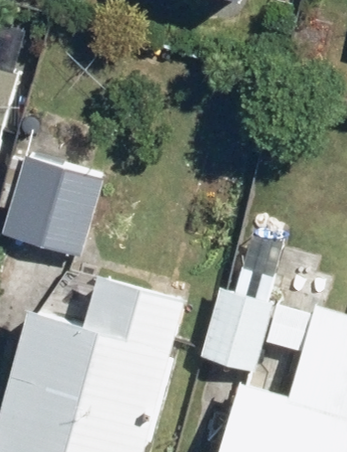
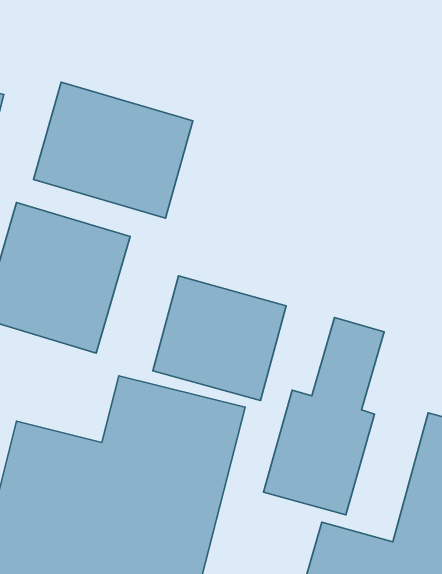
building: none -> [34,82,193,218]
building: none -> [153,276,286,401]

